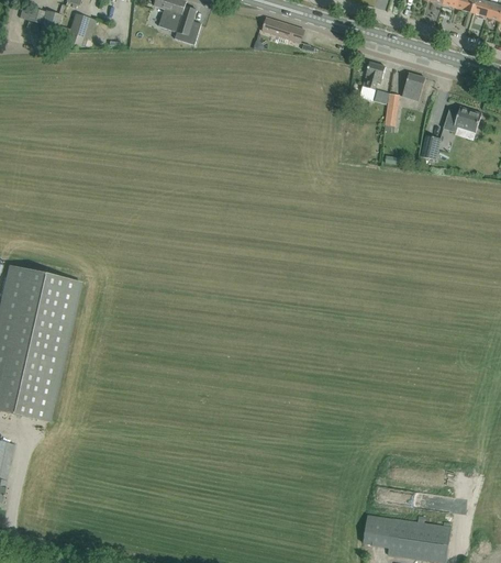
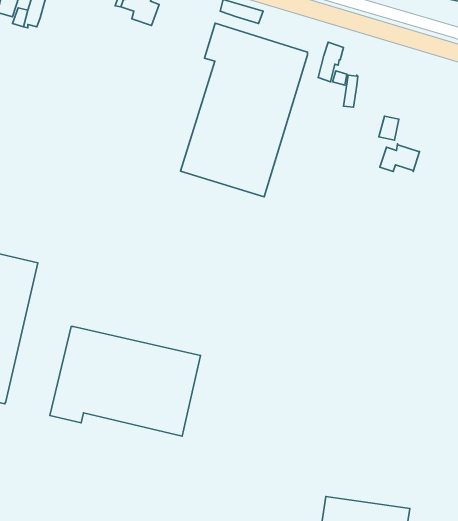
building: none -> [180,23,308,197]
building: [402,73,426,101] -> none
building: [443,104,482,132] -> [380,144,420,172]
building: none -> [50,326,201,436]

